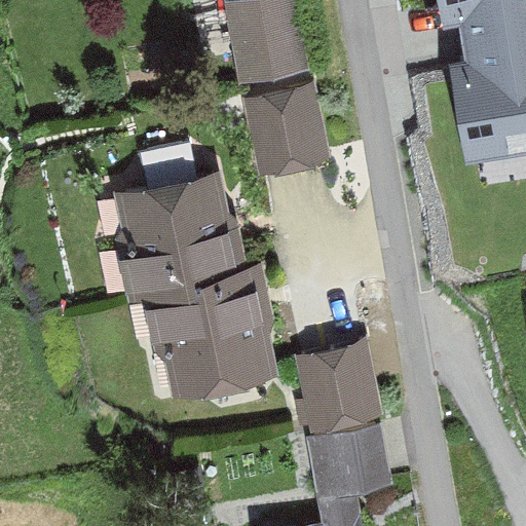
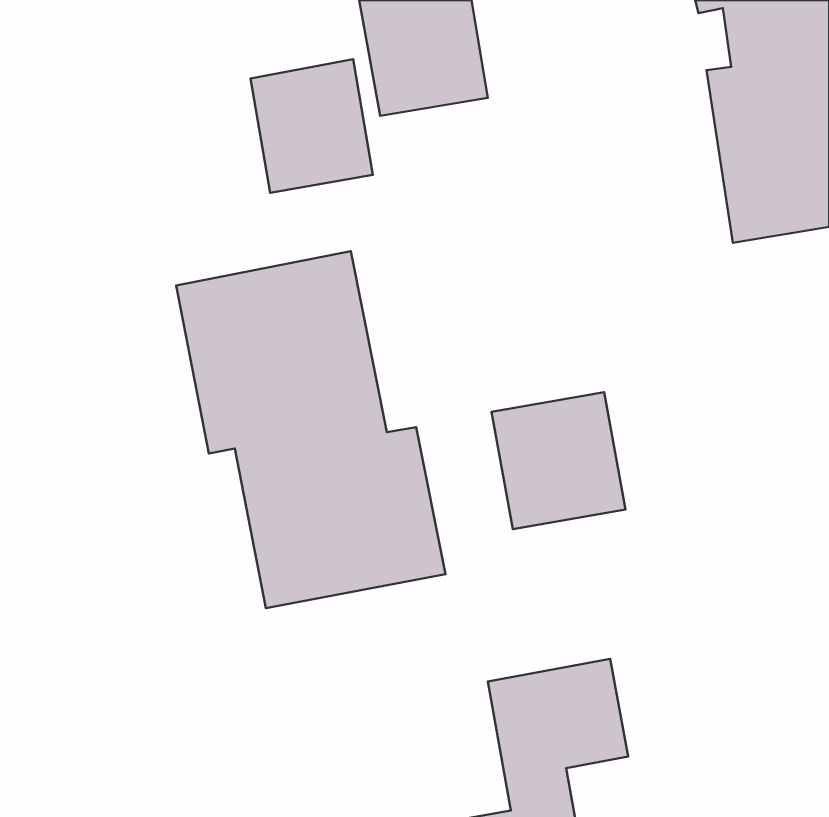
building: [253,89,330,174] -> [250,59,373,193]
building: [298,342,382,428] -> [492,392,625,529]

